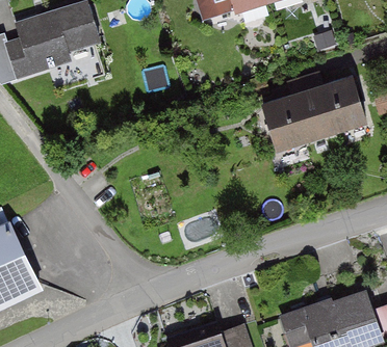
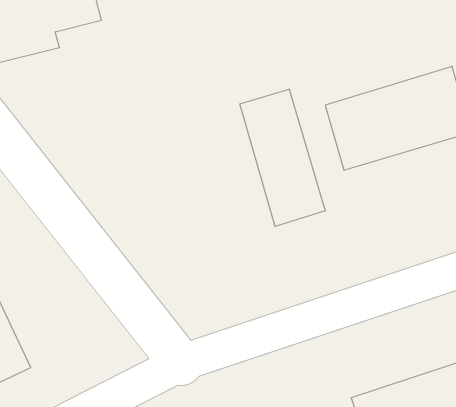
building: none -> [240,89,325,227]

